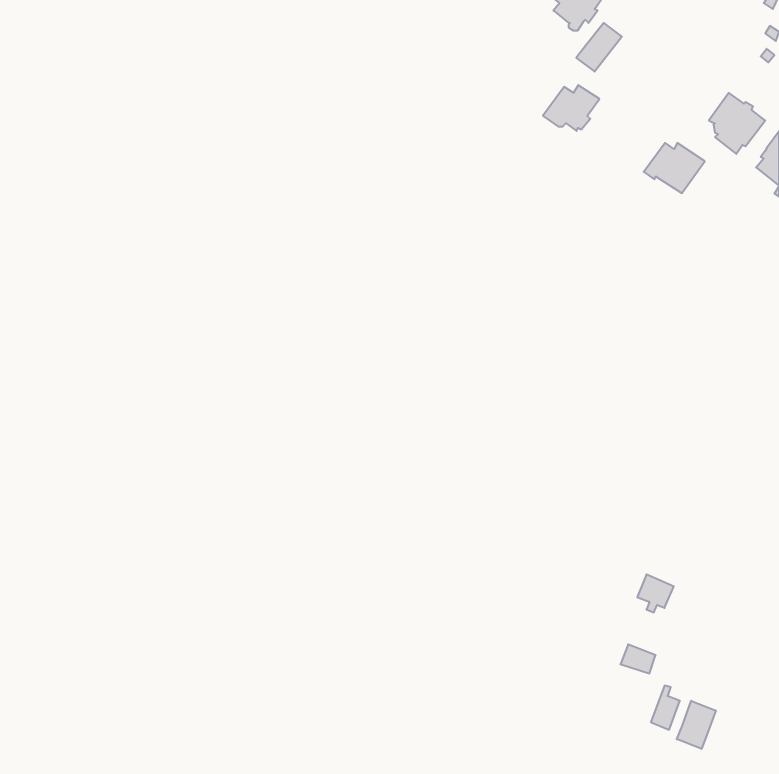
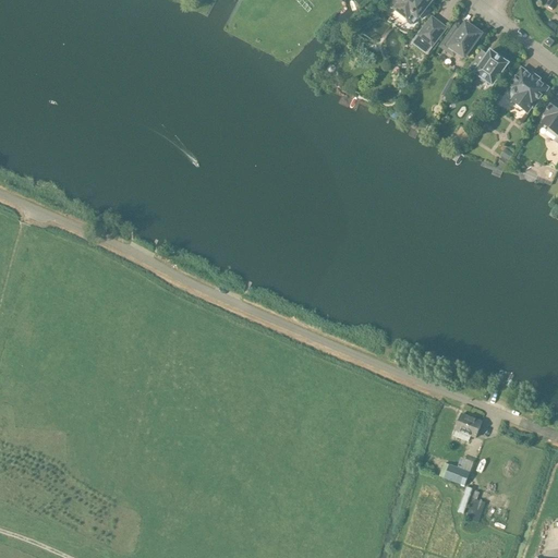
building: [543,85,599,131] -> [440,22,481,54]
building: [644,143,705,193] -> [465,48,509,84]
building: [677,701,716,749] -> none

